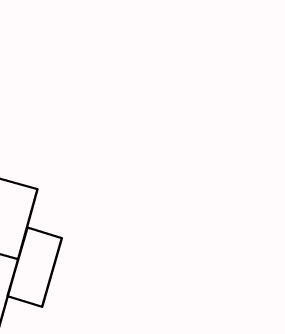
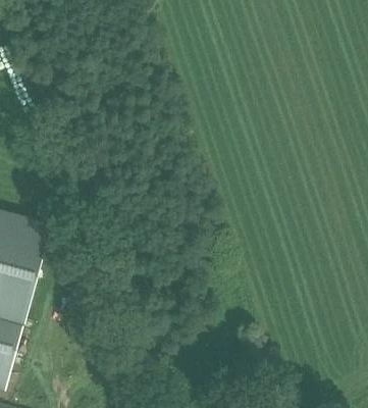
building: [8,228,62,307] -> none

